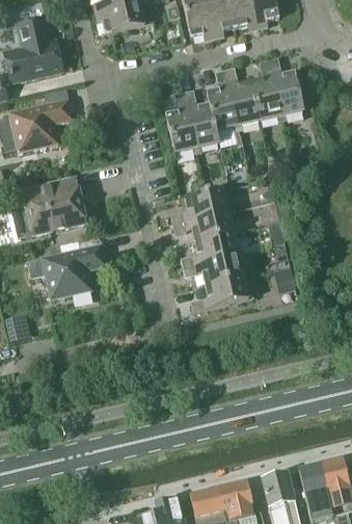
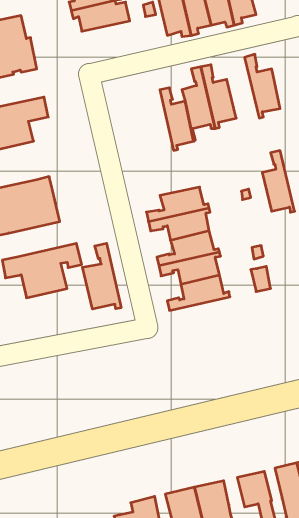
building: [251,59,283,121] -> [262,151,295,212]
building: [166,91,198,153] -> none
building: none -> [82,243,121,309]

